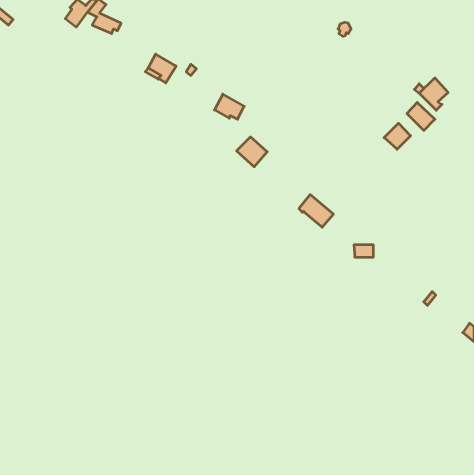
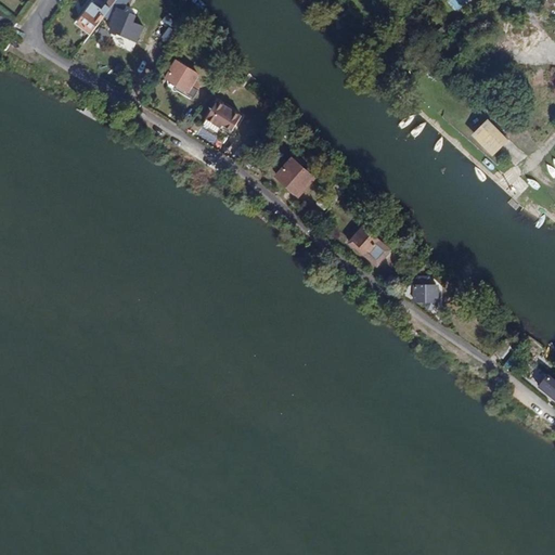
building: [419,78,448,110] -> none
building: [214,94,244,119] -> [201,99,235,128]
building: [384,123,411,149] -> none

